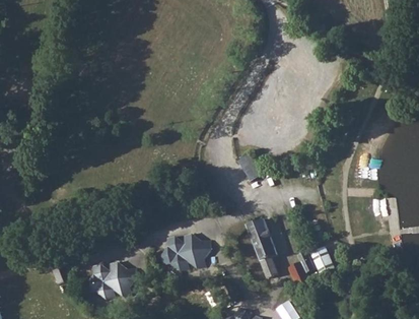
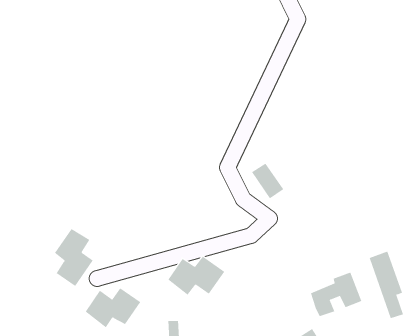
building: none -> [54,228,93,287]
building: [247,216,278,277] -> [369,251,404,319]

